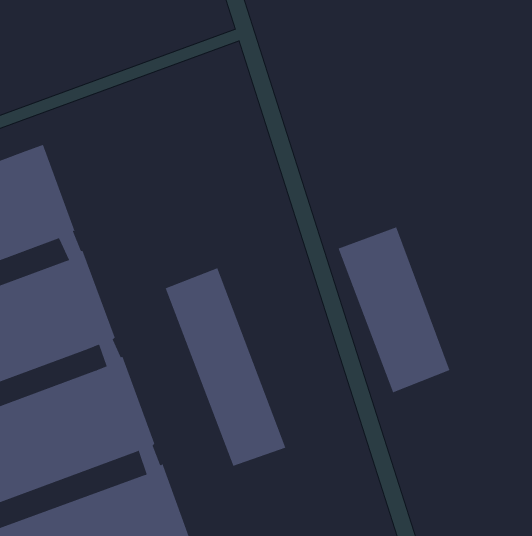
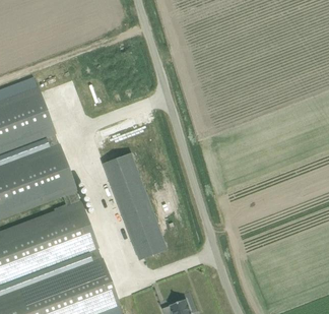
building: [338,226,450,393] -> none

